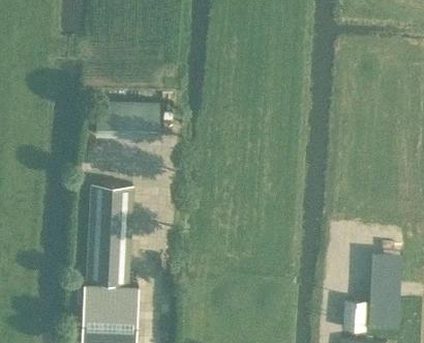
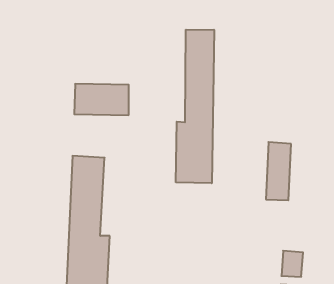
building: none -> [176,30,214,183]
building: [368,257,398,326] -> [266,142,291,200]

